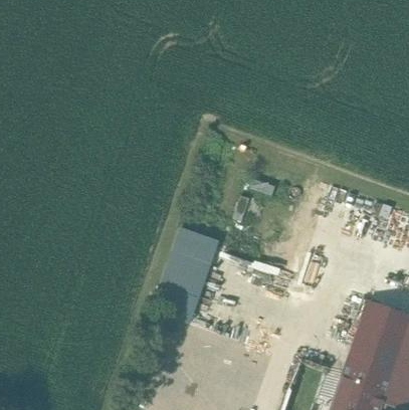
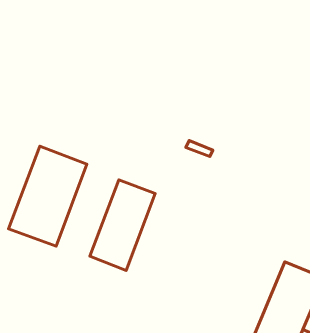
building: none -> [9,146,87,246]

